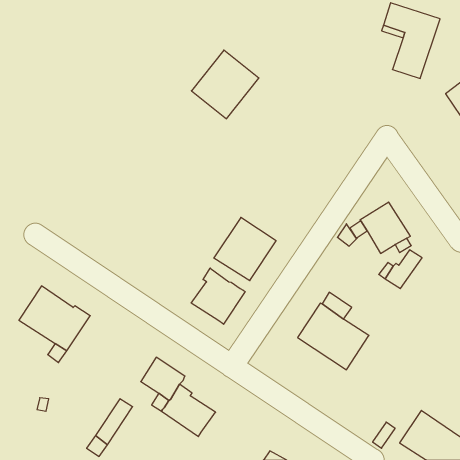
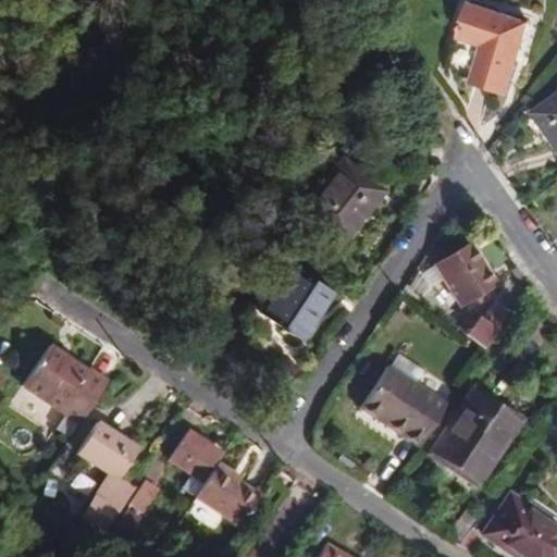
building: [191,50,259,119] -> [304,156,385,238]
building: [191,268,245,324] -> none
building: none -> [431,389,519,484]
building: none -> [78,422,139,530]

